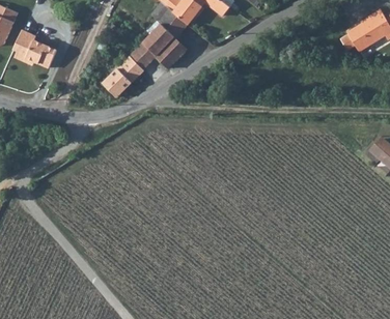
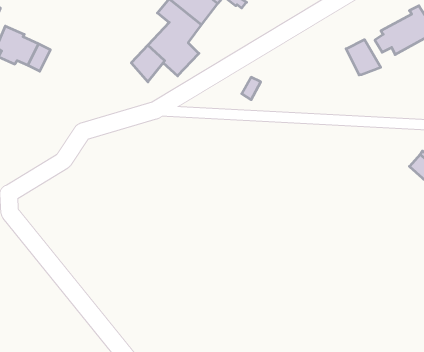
building: none -> [346,40,381,75]
building: [102,58,141,99] -> none

